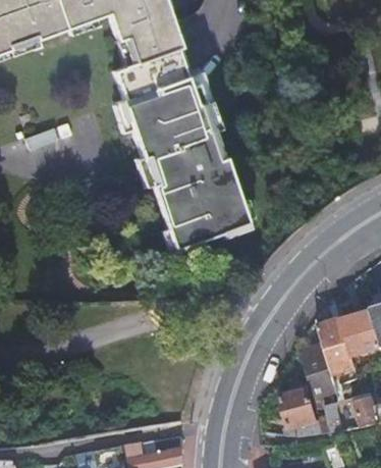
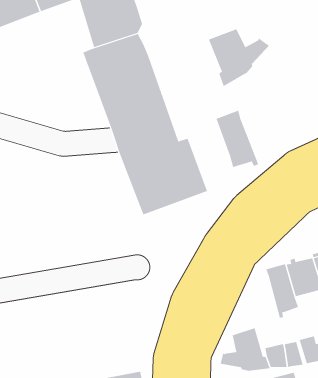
building: none -> [208,29,270,87]
building: none -> [215,110,259,168]
building: [300,330,336,403] -> none

